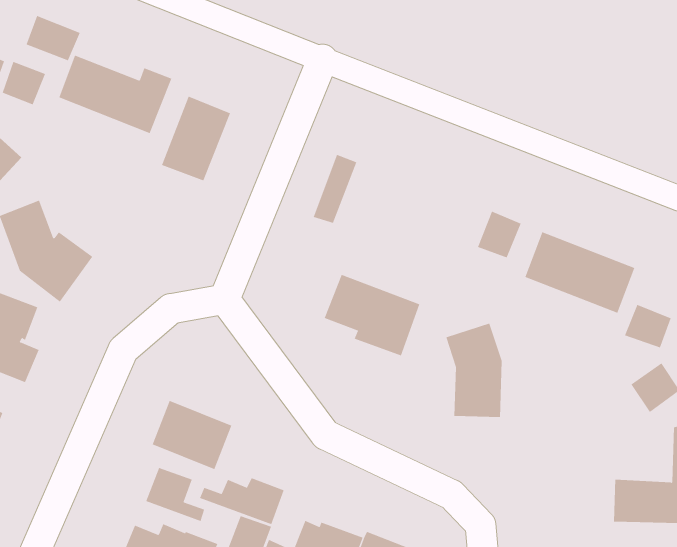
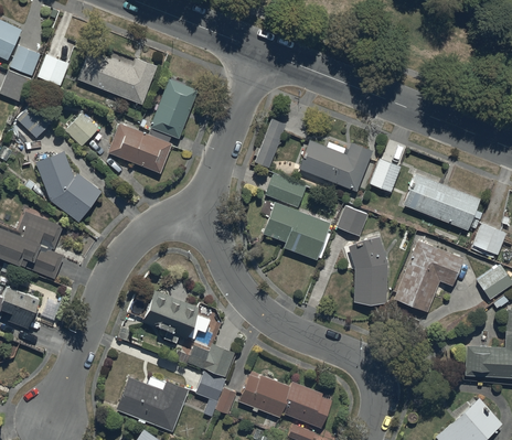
building: [26,15,80,61] -> none
building: none -> [65,112,98,147]
building: none -> [108,124,171,173]
building: none -> [298,140,372,192]
building: none -> [265,174,306,207]
building: none -> [337,206,366,236]
building: none -> [395,240,463,311]
building: [146,467,205,522] -> none

